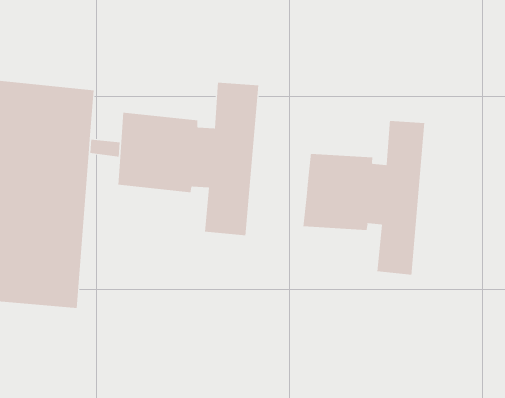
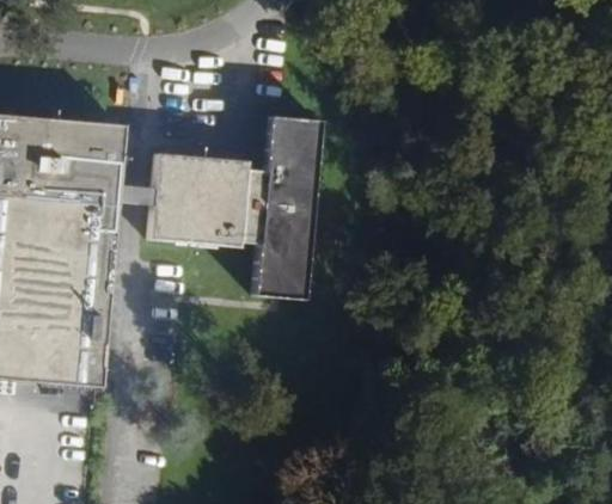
building: [303,120,425,275] -> none

